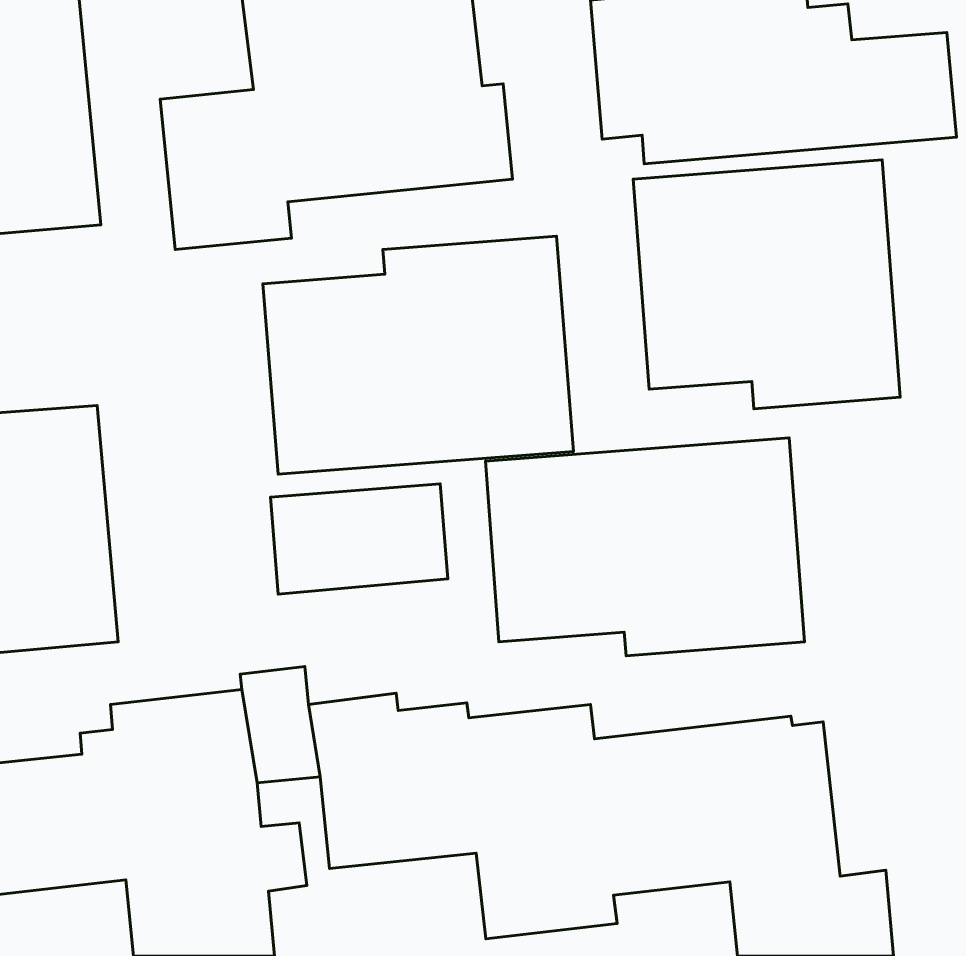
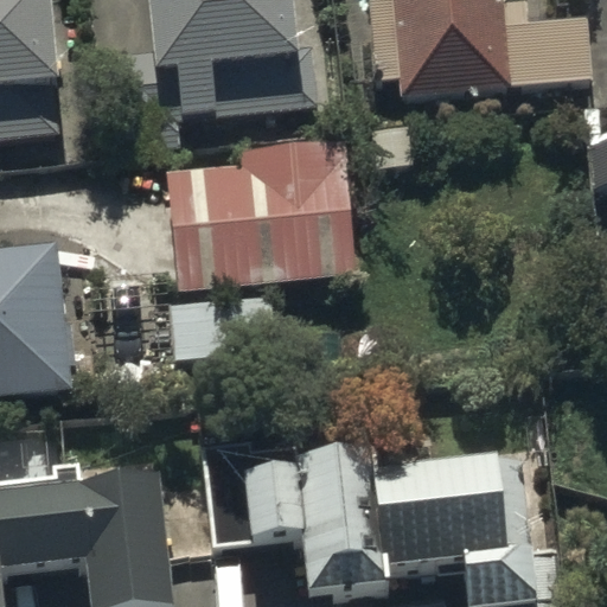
building: [633,160,900,409] -> none
building: [485,438,804,656] -> none

